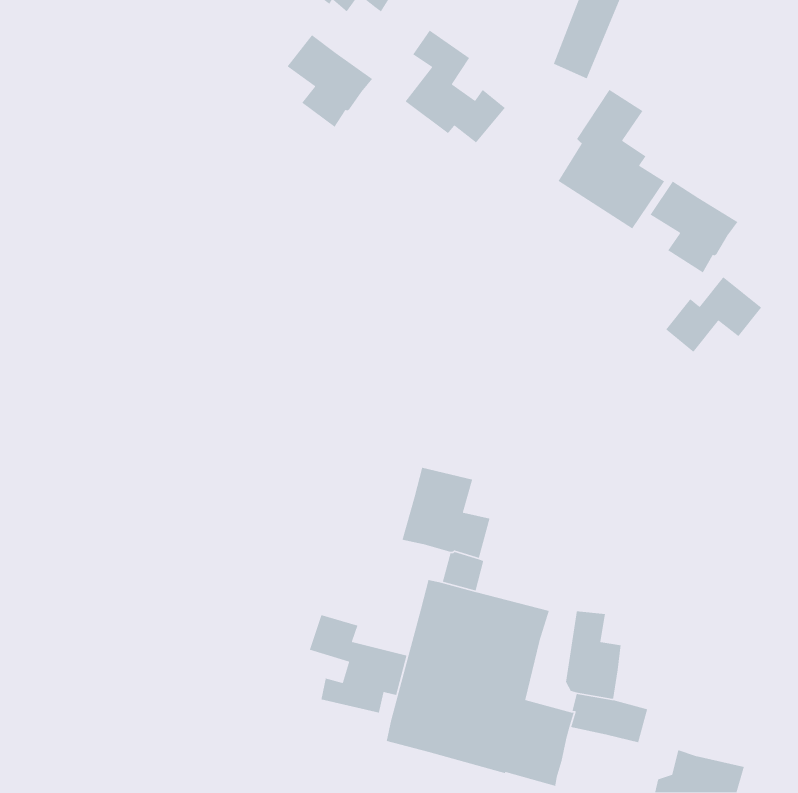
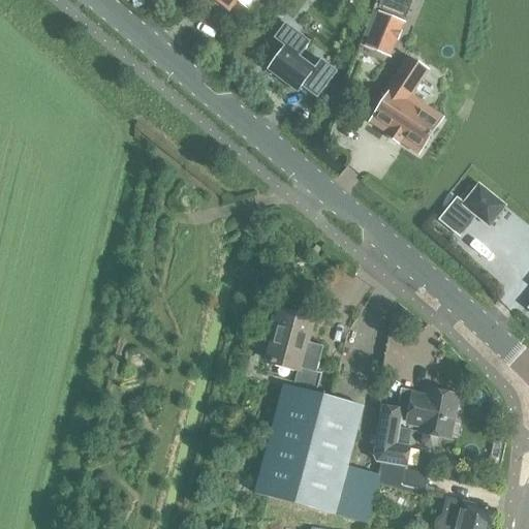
building: [287,34,373,128] -> none
building: [649,181,738,274] -> none
building: none -> [407,390,457,444]
building: [309,614,407,714] -> none

